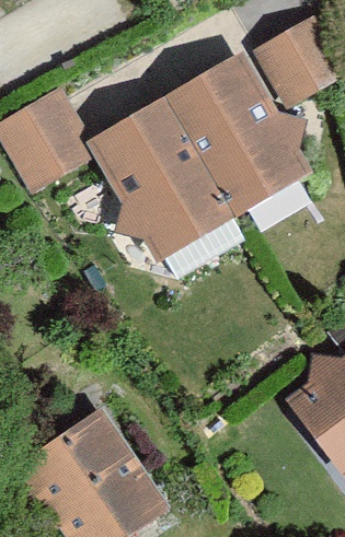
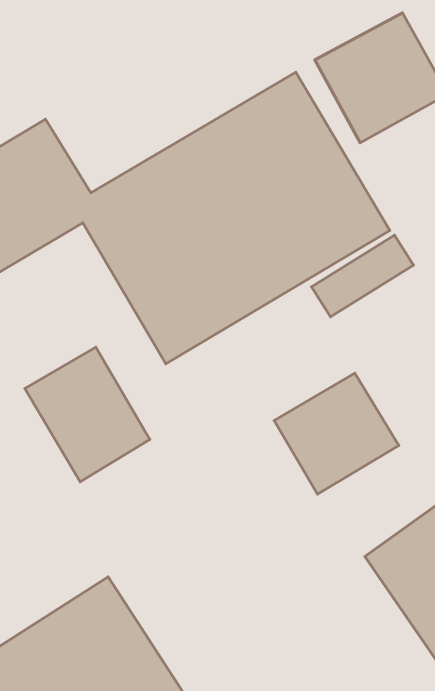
building: none -> [25,347,150,482]
building: none -> [274,373,399,494]

